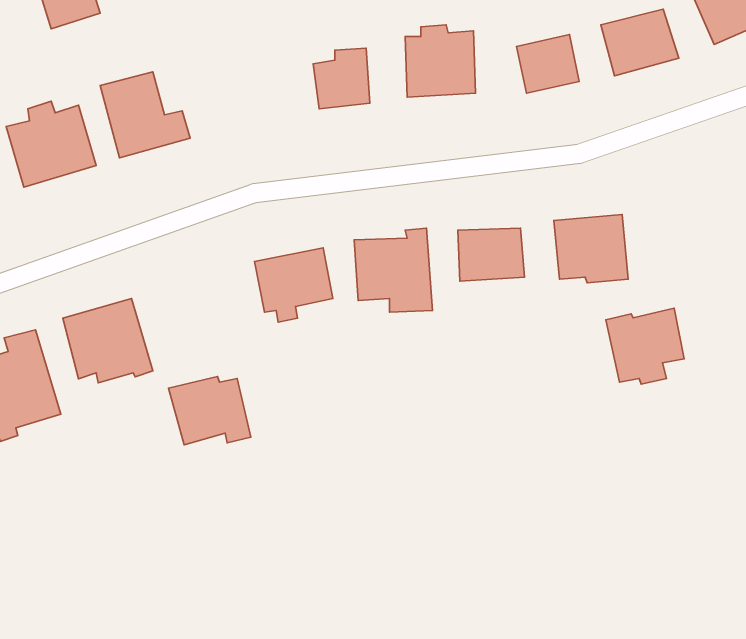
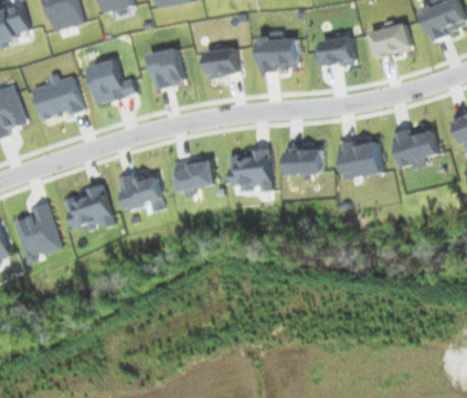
building: none -> [148,45,181,89]
building: [606,308,684,384] -> [394,127,438,170]
building: [169,376,251,445] -> [117,172,163,211]

